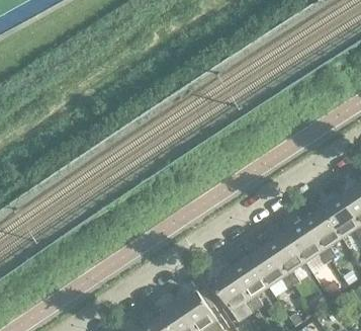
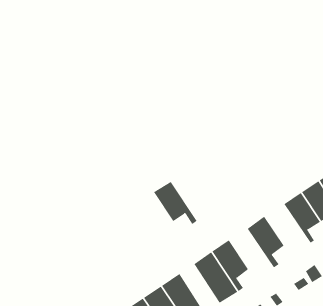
building: [284,220,331,264] -> none
building: [248,245,293,289] -> [153,181,198,225]

